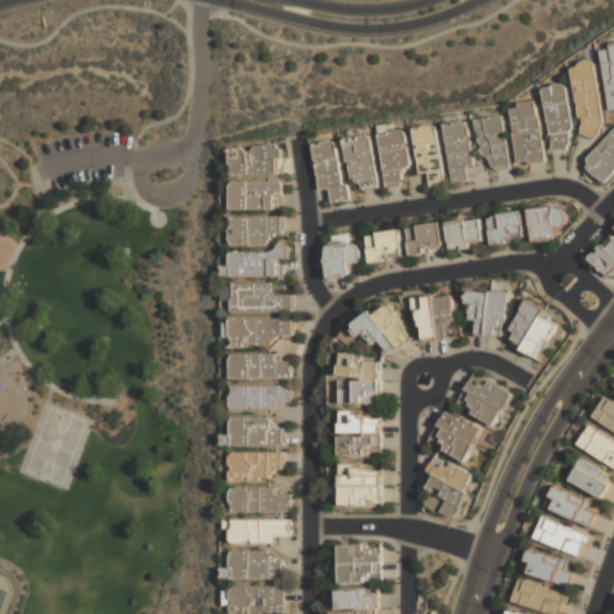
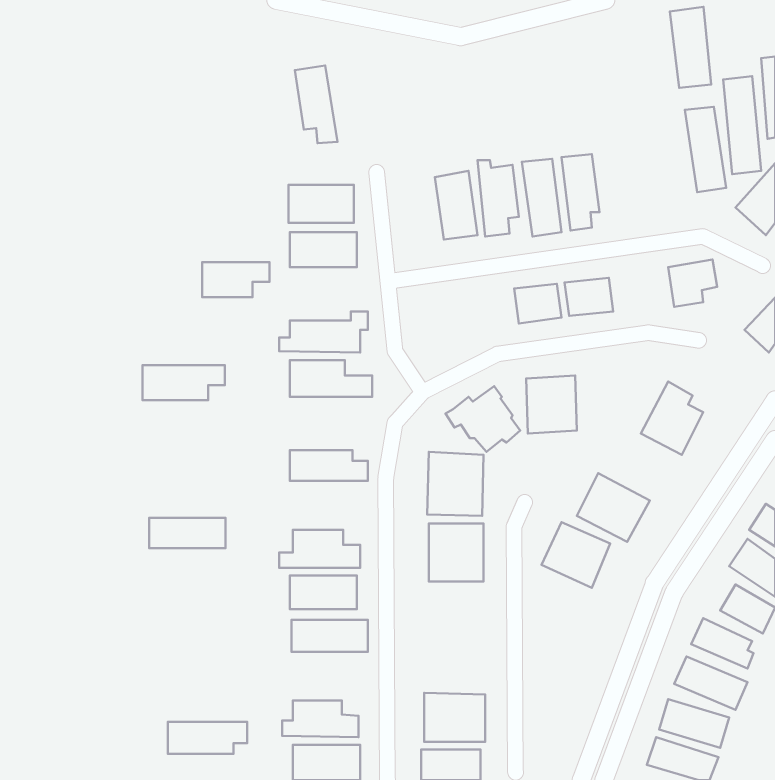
building: [507,101,540,164] -> [670,7,711,88]
building: [474,115,508,171] -> none
building: [311,140,344,201] -> [295,65,337,143]
building: [487,211,523,242] -> none
building: [228,217,281,245] -> [202,262,269,297]
building: [363,229,402,263] -> none
building: [324,242,359,276] -> none
building: [465,290,505,335] -> none
building: [228,319,293,347] -> [142,365,225,400]
building: [229,385,289,409] -> [149,518,226,548]
building: [420,457,472,519] -> none
building: [337,464,381,505] -> none
building: [228,519,290,544] -> [168,722,247,754]

